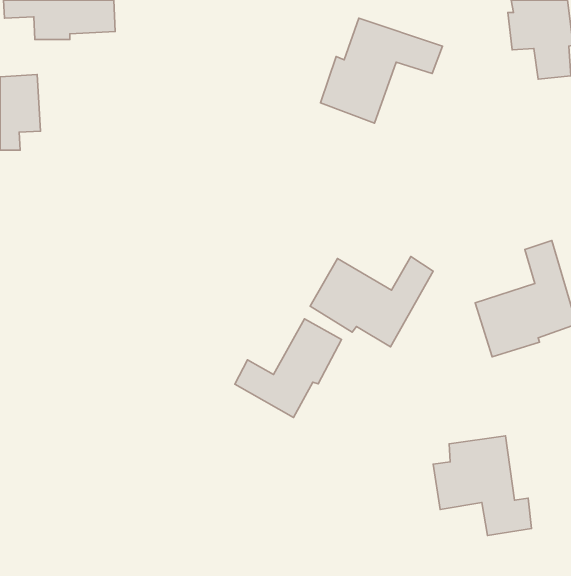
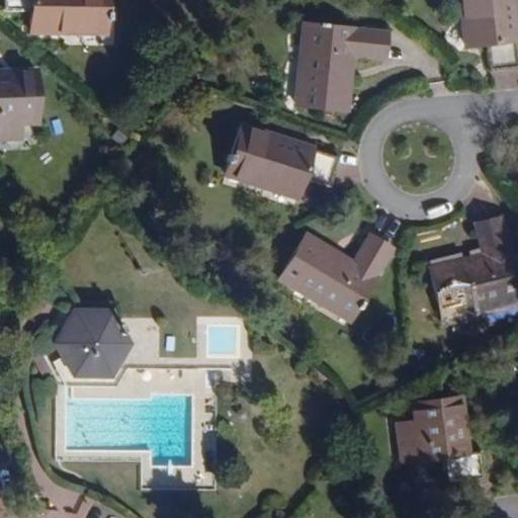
building: none -> [225,124,336,199]
building: [235,319,341,417] -> none
building: none -> [49,307,131,377]

